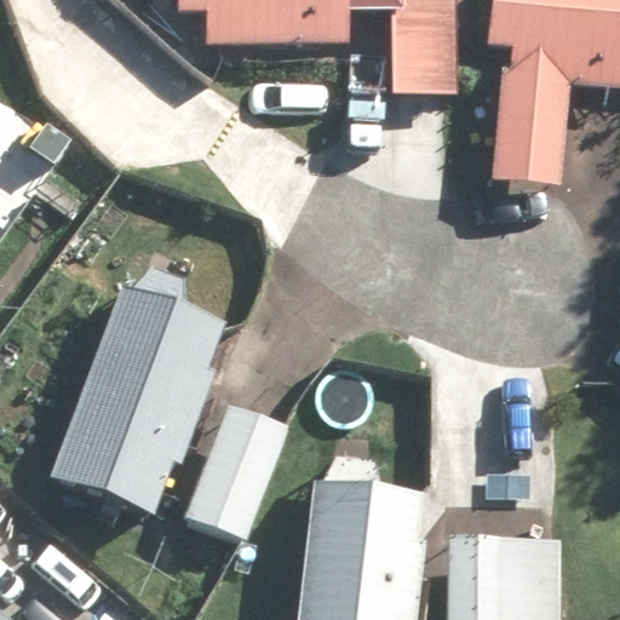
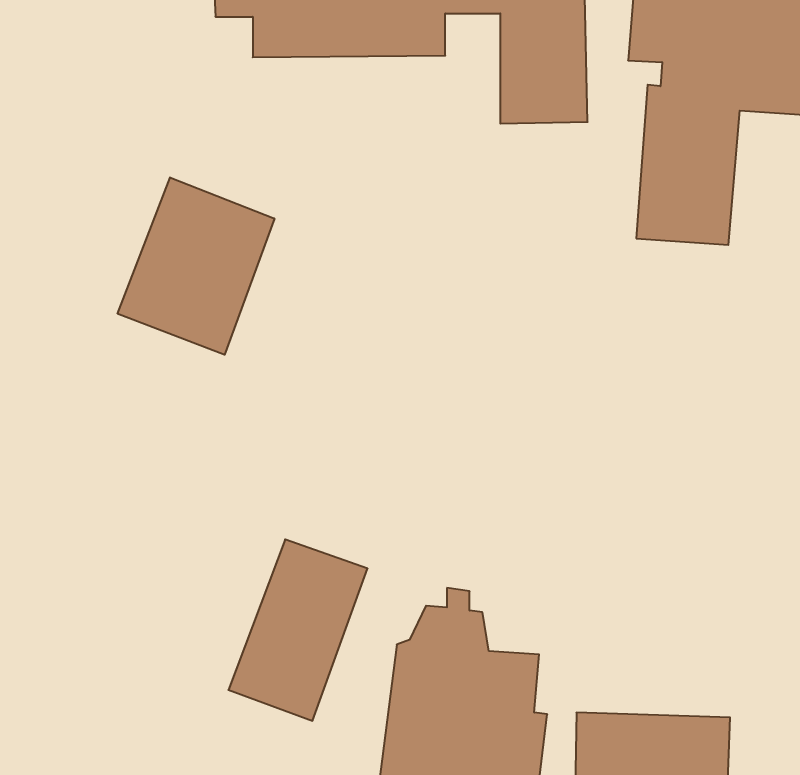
building: none -> [118,177,274,355]
building: [50,268,223,518] -> none

